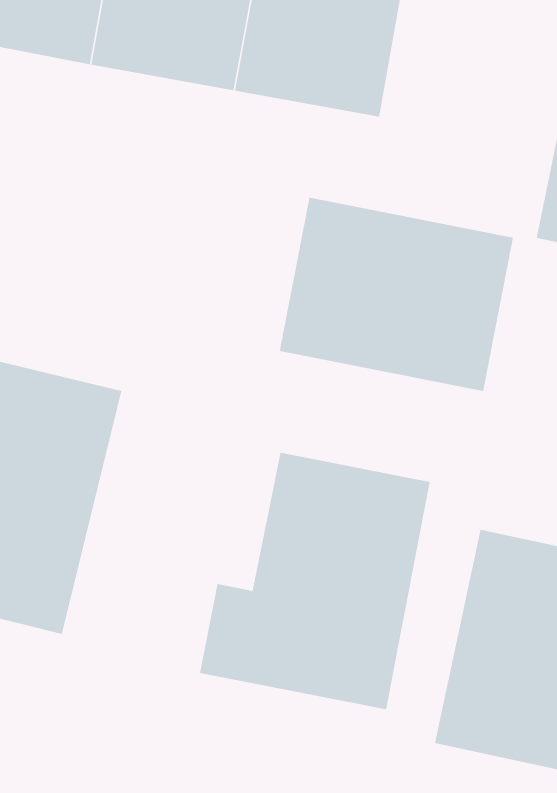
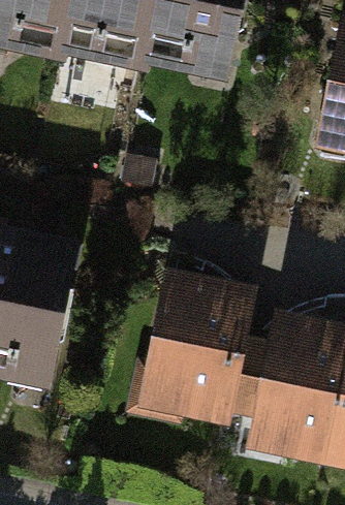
building: [279,197,513,392] -> none

